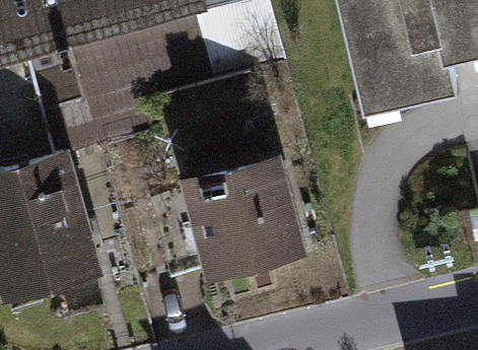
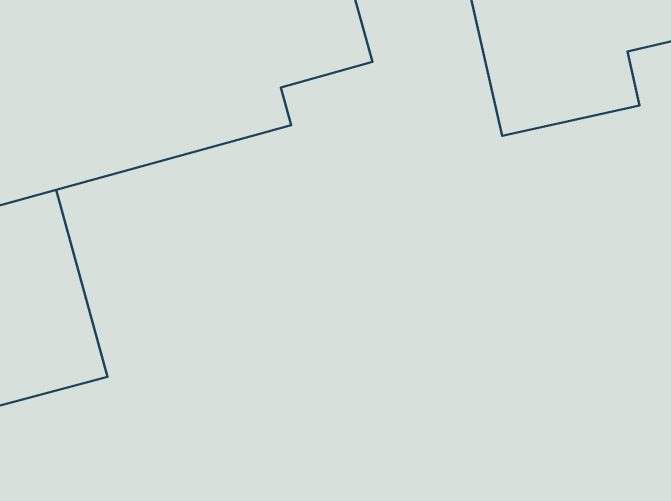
building: [179,155,309,277] -> none

